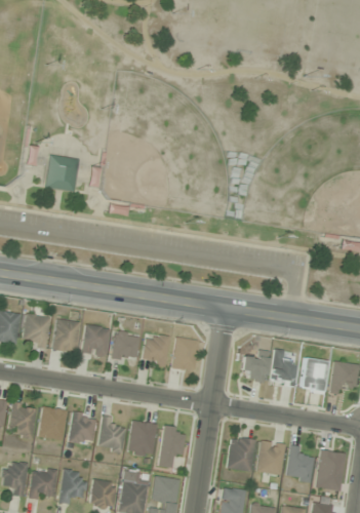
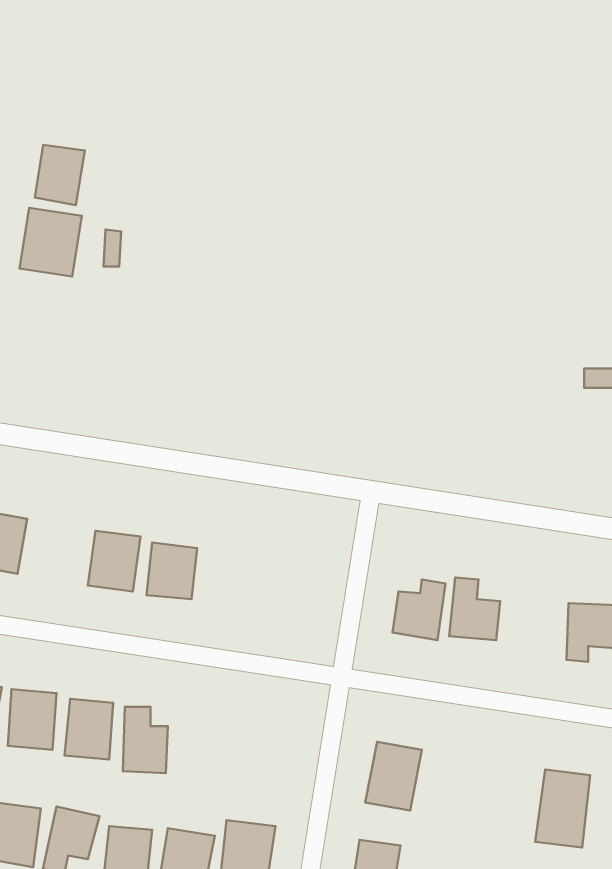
building: none -> [35,145,85,205]
building: [53,318,80,353] -> none
building: [143,332,171,365] -> none
building: [173,338,198,370] -> none
building: [303,358,329,391] -> none
building: [129,421,157,456] -> none
building: [160,426,186,466] -> none
building: [257,440,287,475] -> none
building: [288,445,315,481] -> none

